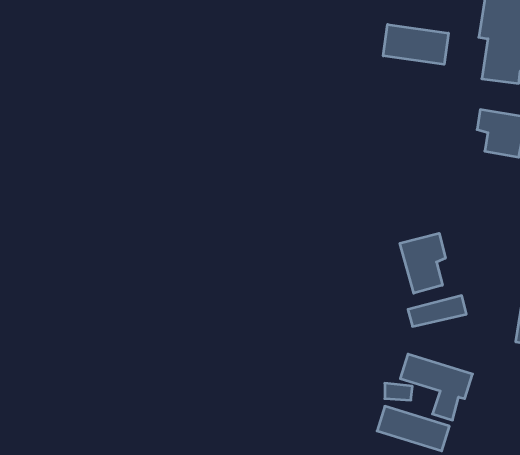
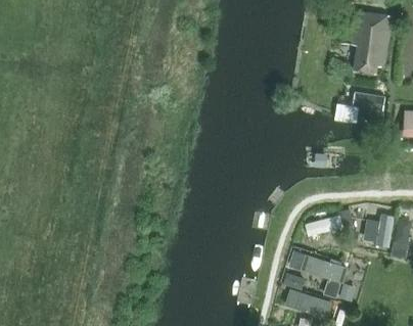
building: [383,24,448,64] -> none
building: [400,233,445,293] -> none

